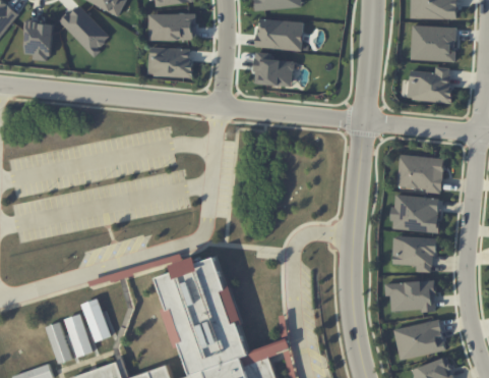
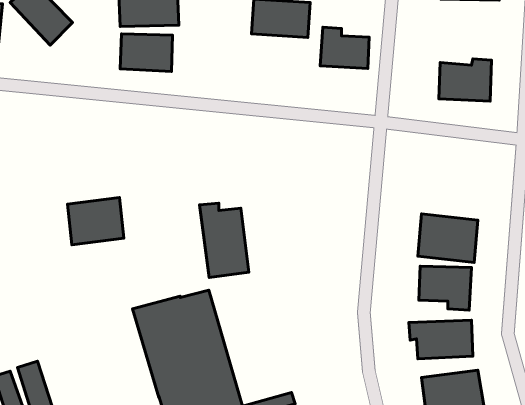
building: [410,25,455,61] -> none
building: [253,52,293,86] -> [320,27,369,68]
building: [396,154,444,192] -> none
building: none -> [68,198,124,245]
building: none -> [200,203,249,278]
building: [81,299,112,341] -> none

